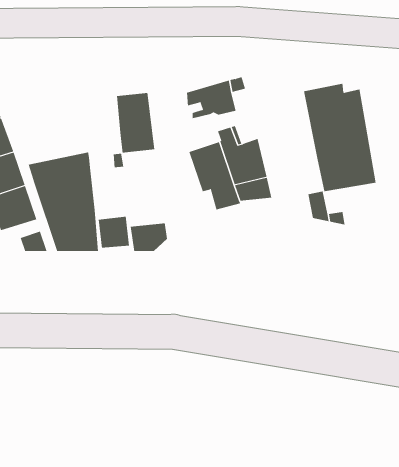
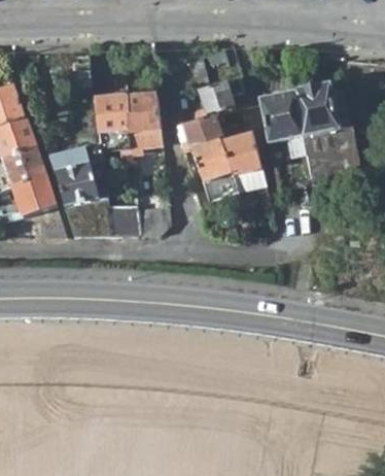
building: none -> [95,74,130,131]
building: none -> [260,91,307,156]
building: none -> [181,114,220,148]

